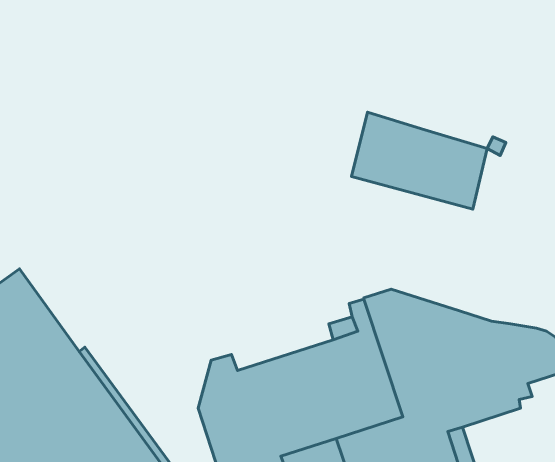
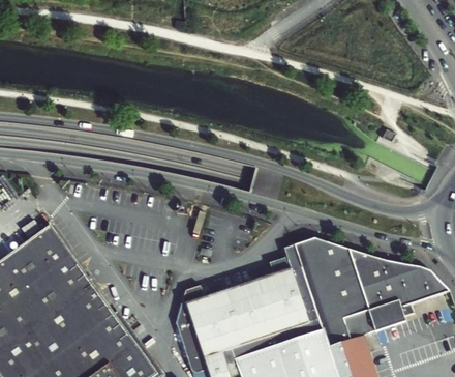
building: [352,112,487,209] -> none

